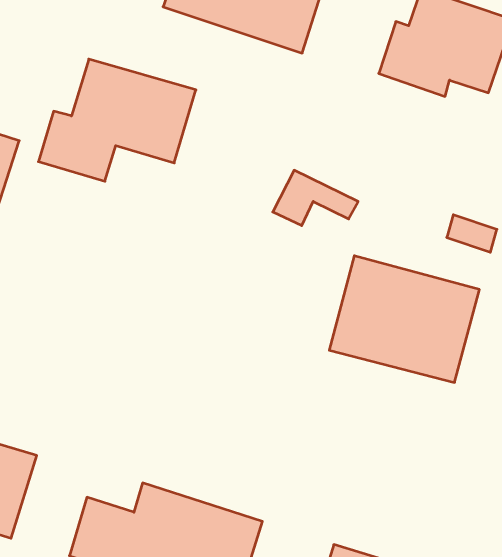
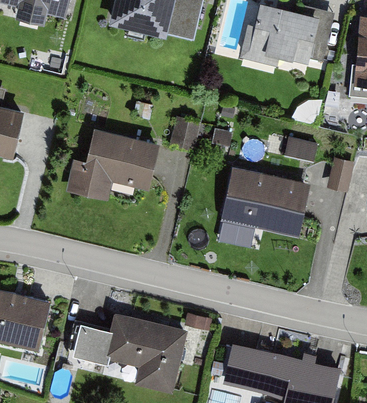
building: [38,59,196,181] -> [66,130,158,203]

